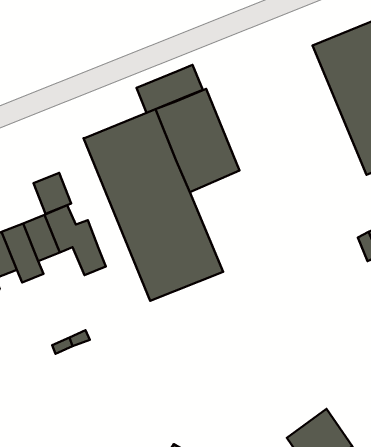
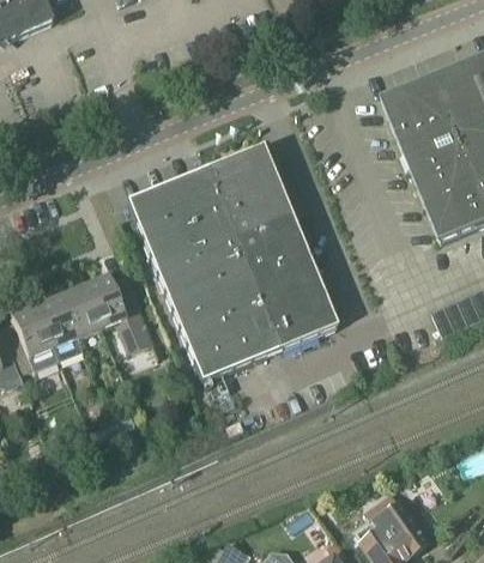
building: [136,65,203,113] -> none
building: none -> [246,234,338,346]
building: [33,173,71,214] -> none

